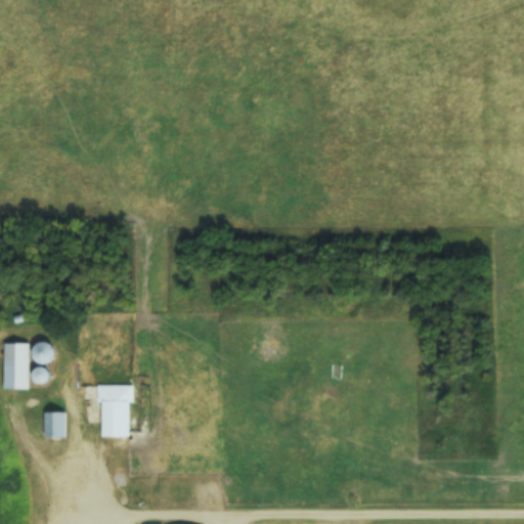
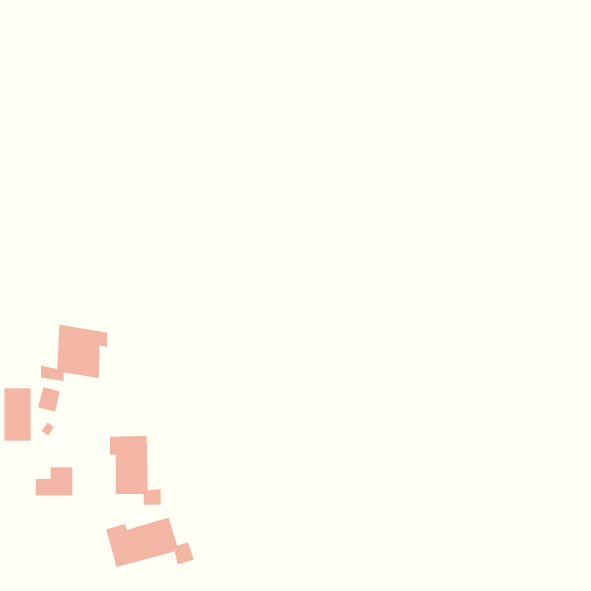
building: none -> [40,324,108,382]
building: none -> [106,517,194,568]

